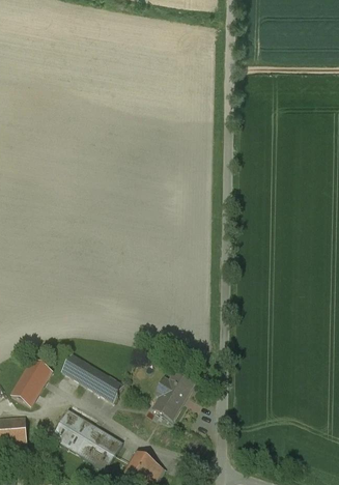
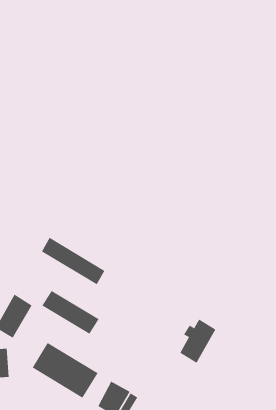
building: none -> [41,237,105,285]
building: [153,372,193,420] -> [179,319,216,363]

